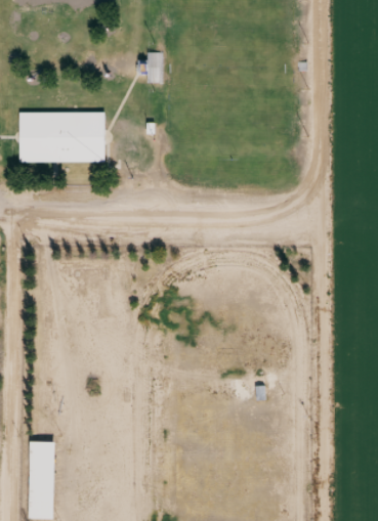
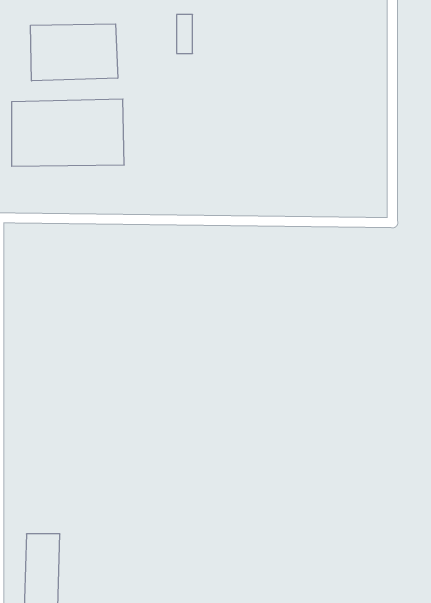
building: none -> [31,24,118,81]

